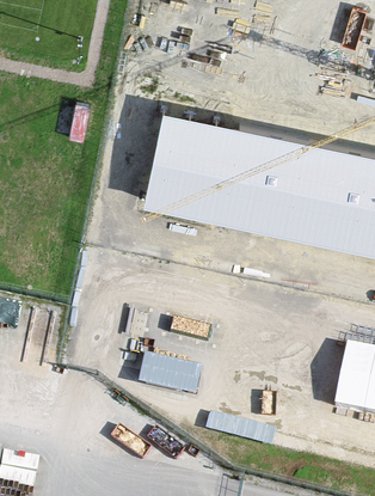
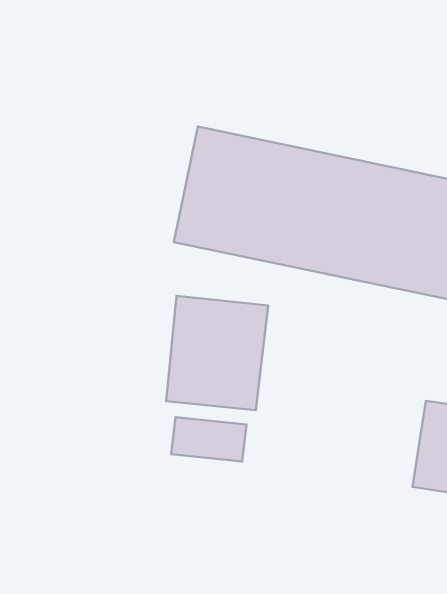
building: none -> [166,296,268,410]

